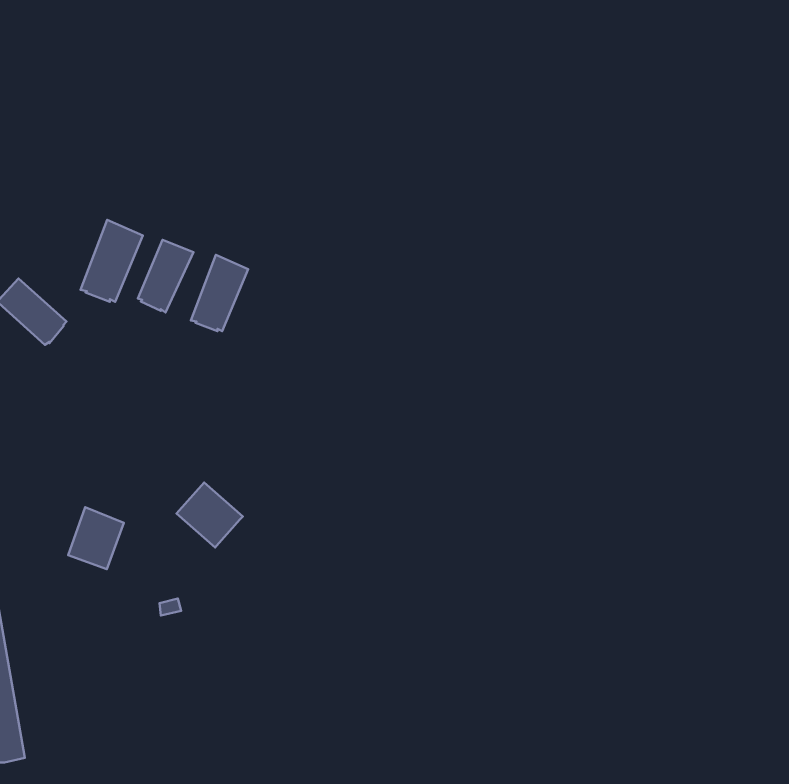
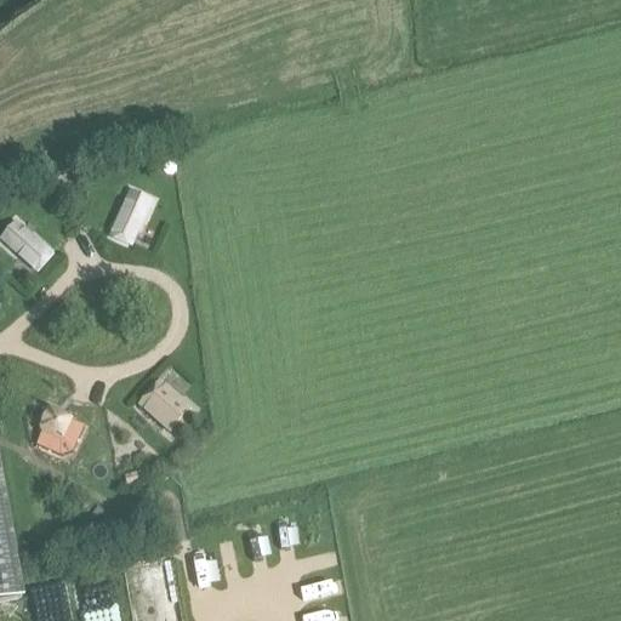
building: [80,220,143,302] -> none
building: [191,255,248,331] -> none

